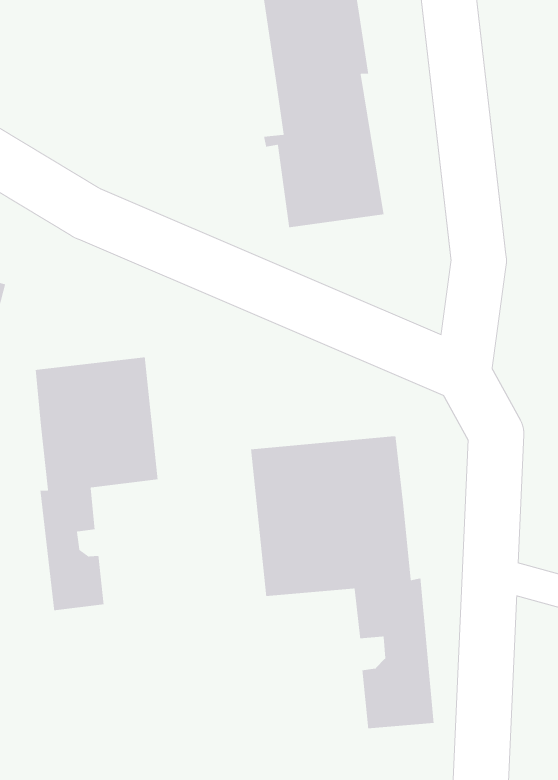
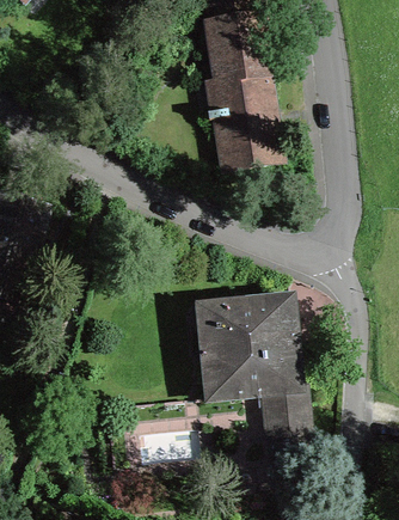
building: [35,357,158,611] -> none

